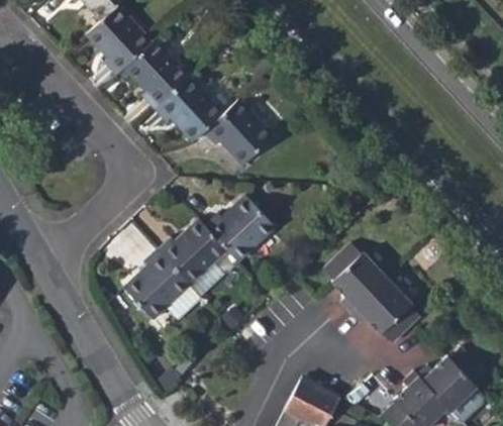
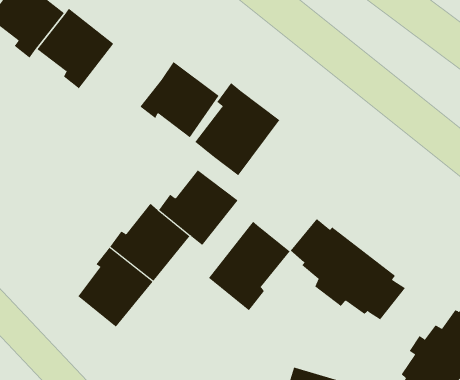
building: [156,74,227,141] -> none
building: none -> [195,82,280,176]
building: none -> [208,221,290,311]

